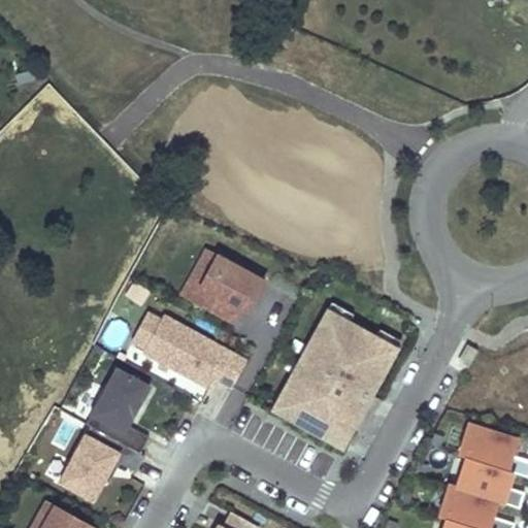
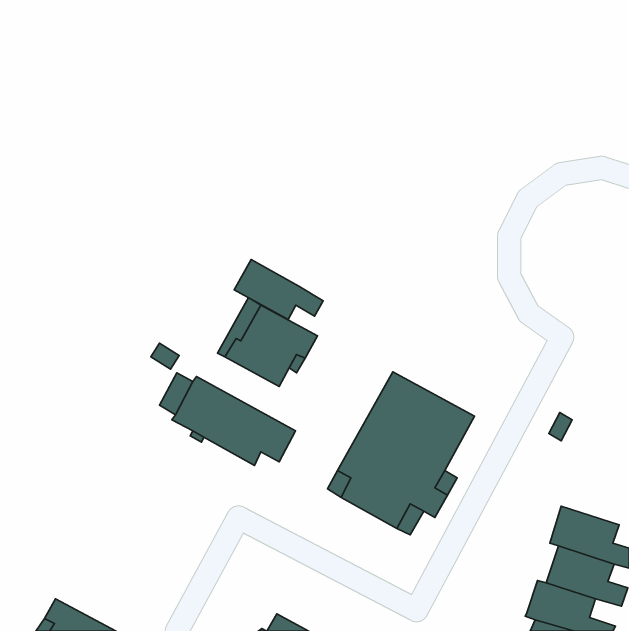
building: none -> [234,259,323,320]
building: [81,364,146,450] -> none
building: [59,433,119,499] -> none

